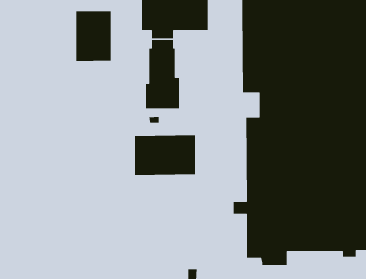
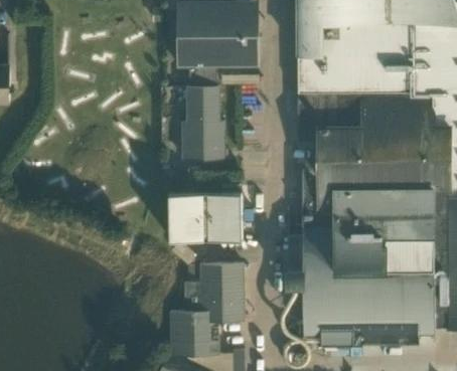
building: [76,11,111,62] -> none
building: none -> [169,262,245,356]

